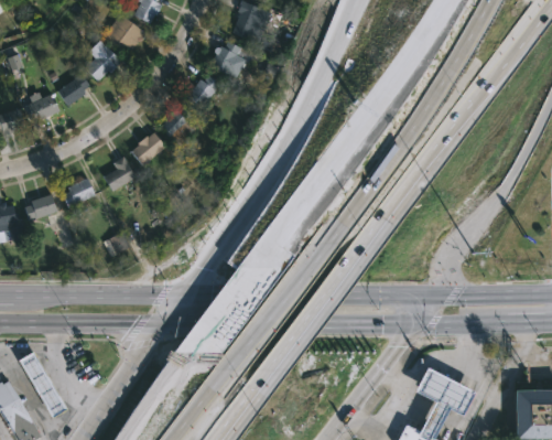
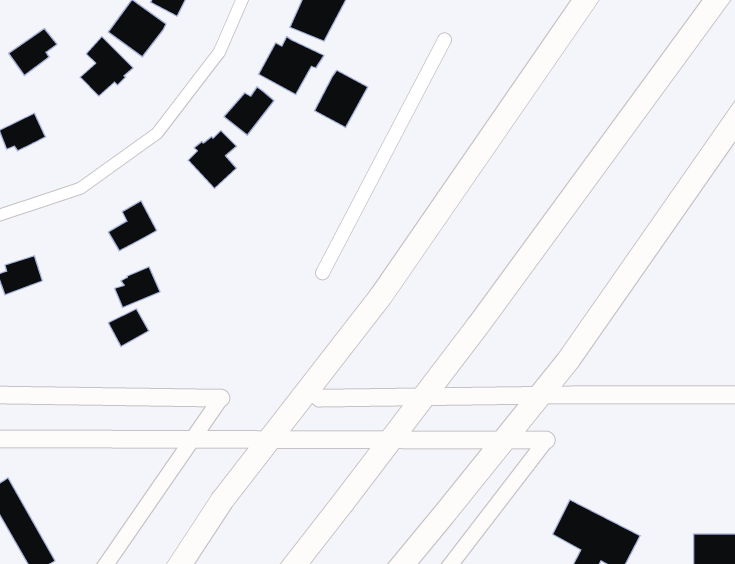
building: none -> [315,70,368,128]
building: [56,74,90,107] -> [9,29,57,76]
building: [131,131,167,167] -> none
building: [63,179,95,207] -> [115,267,160,307]

